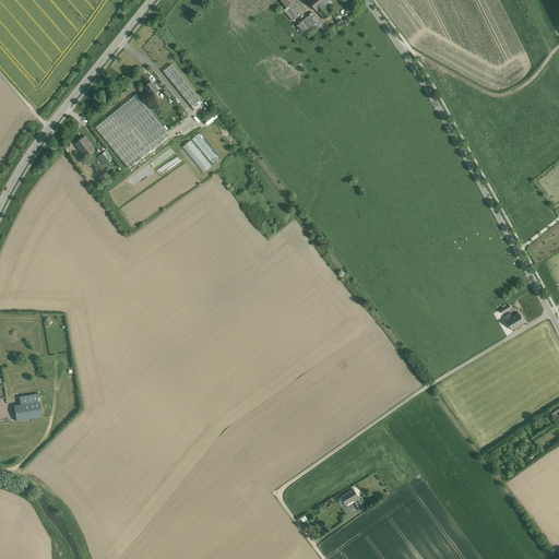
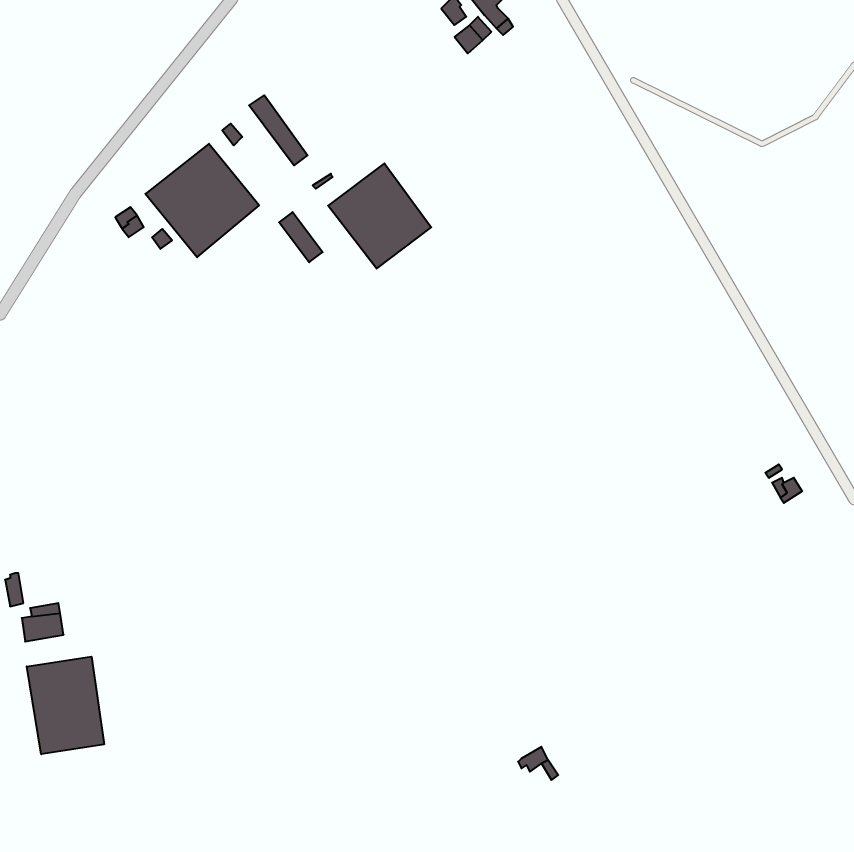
building: none -> [328,163,431,269]
building: none -> [27,657,104,754]

